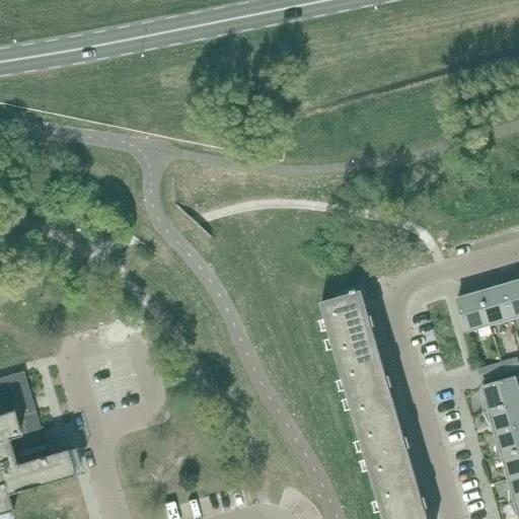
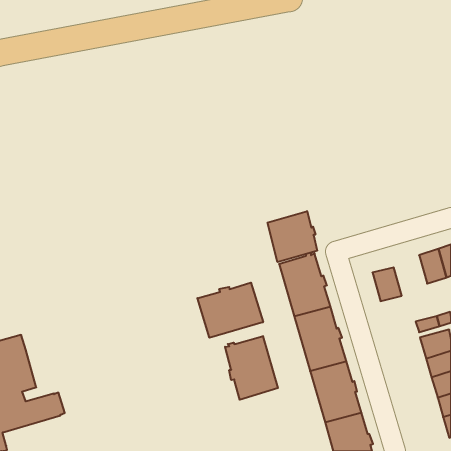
building: none -> [268,211,317,262]
building: [455,292,489,330] -> [372,267,402,301]
building: none -> [197,283,263,338]
building: none -> [225,336,278,400]

